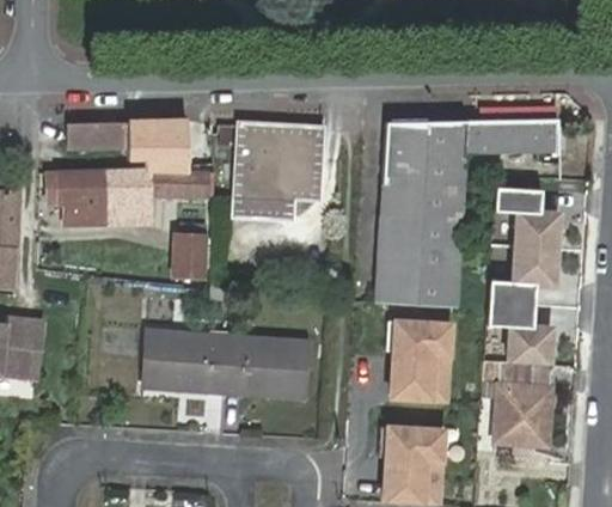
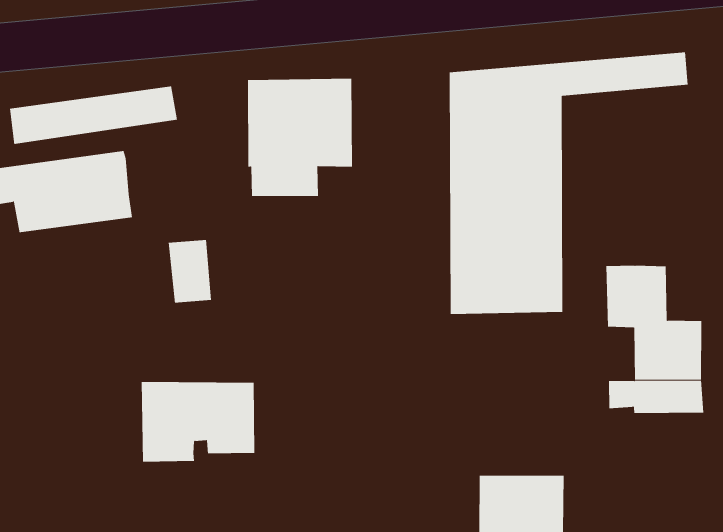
building: [148,170,208,196] -> none
building: [495,183,562,280] -> none
building: [386,314,455,403] -> none
building: [224,340,308,403] -> none
building: [498,384,553,445] -> none

